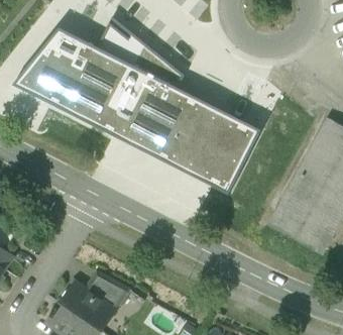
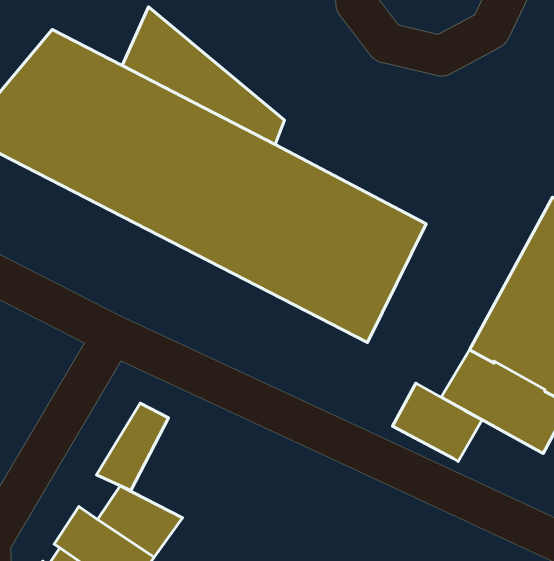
building: none -> [393,383,482,461]
building: none -> [96,403,168,490]

